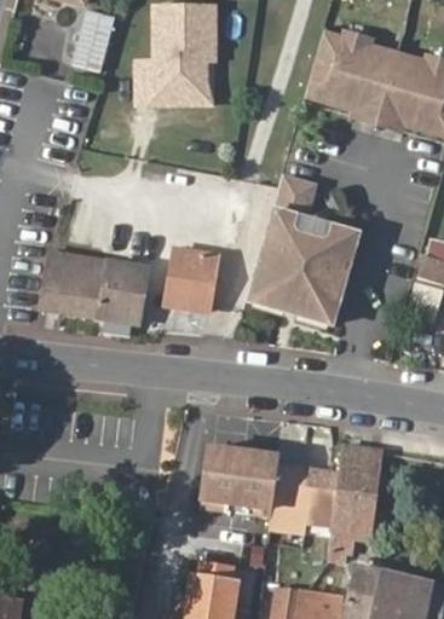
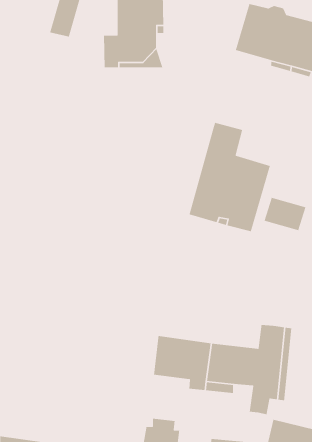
building: [165,250,217,313] -> none
building: [39,254,149,328] -> none
building: none -> [263,197,307,231]

